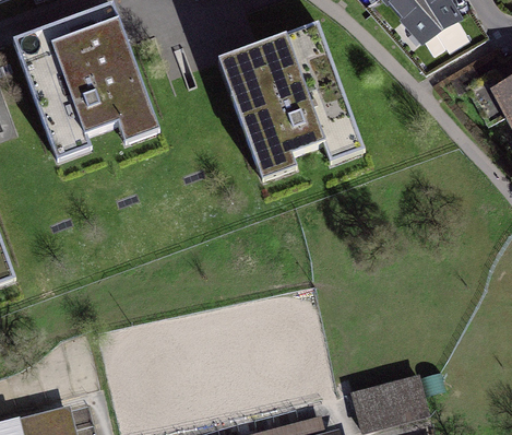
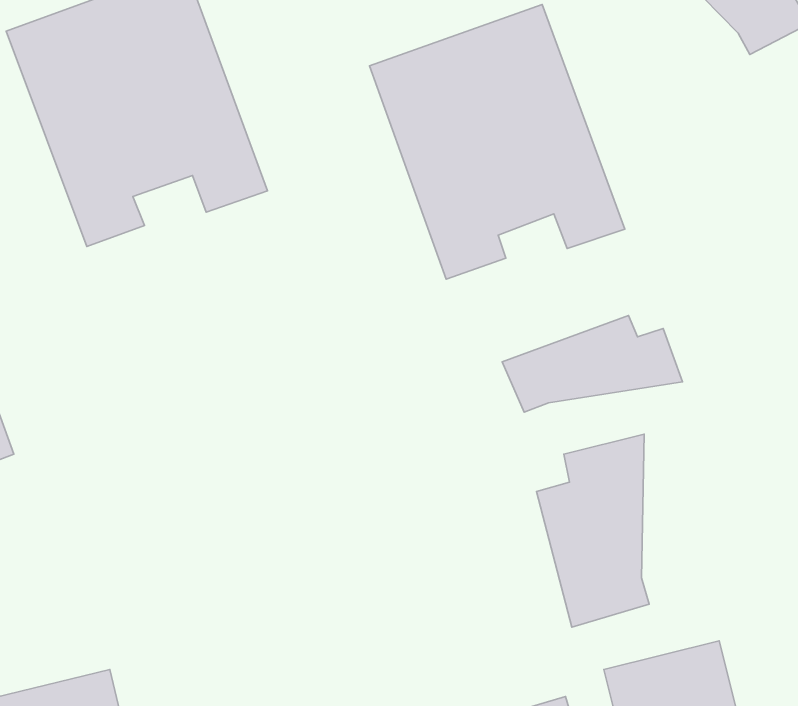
building: none -> [502,315,682,412]
building: none -> [537,434,649,627]

